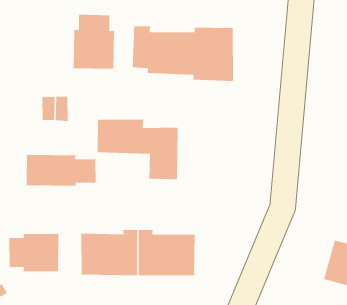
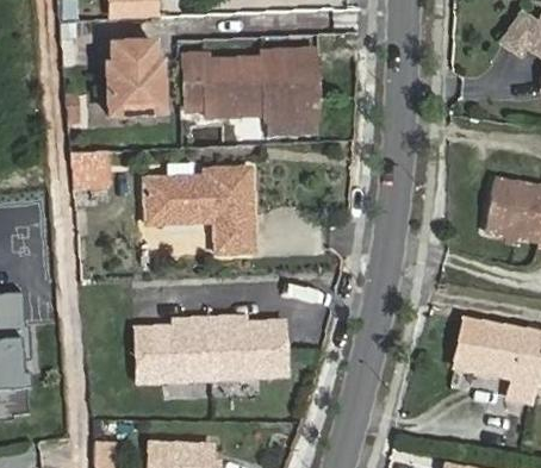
building: [26,154,97,187] -> none
building: [8,233,59,272] -> none

